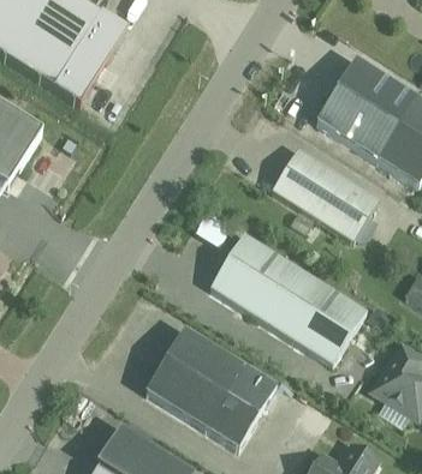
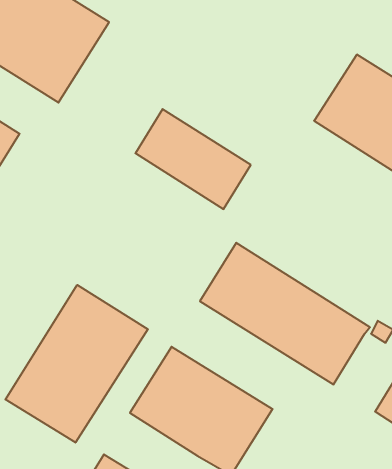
building: [272,145,379,238] -> [135,109,251,209]
building: none -> [5,285,148,443]

